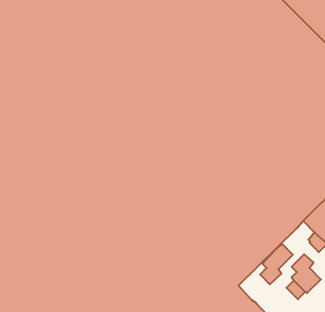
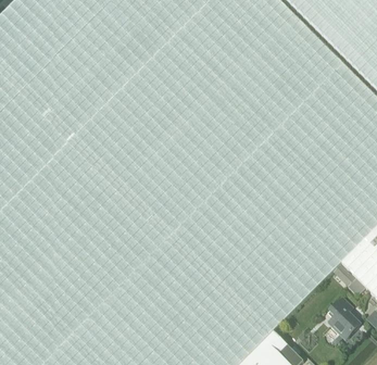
building: [260,244,293,284] -> none

